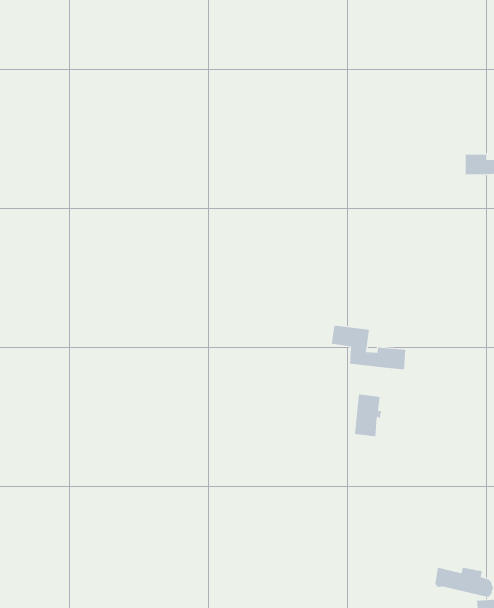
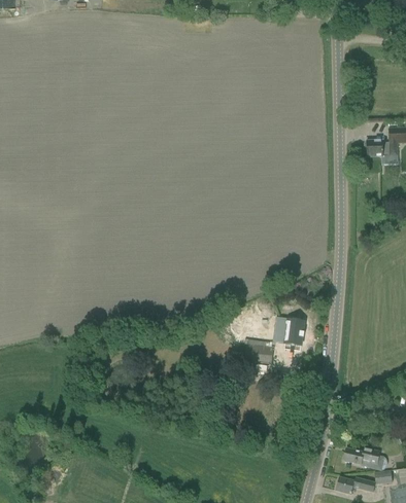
building: [331,325,406,370] -> none
building: none -> [245,343,273,362]

